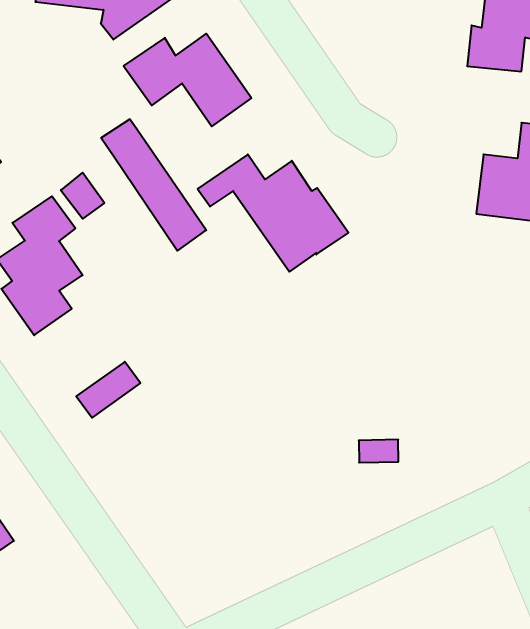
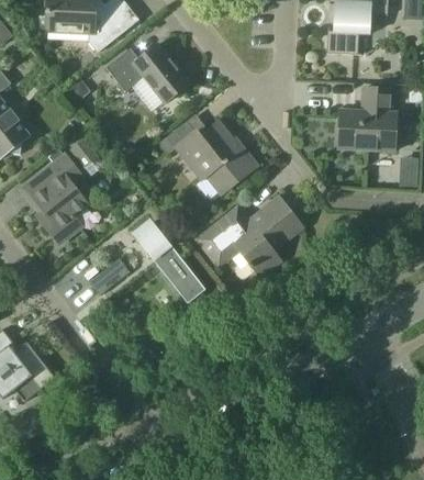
building: [101,119,206,251] -> [134,221,205,303]
building: none -> [197,197,302,274]

